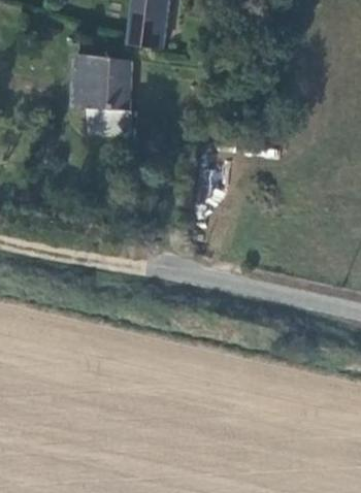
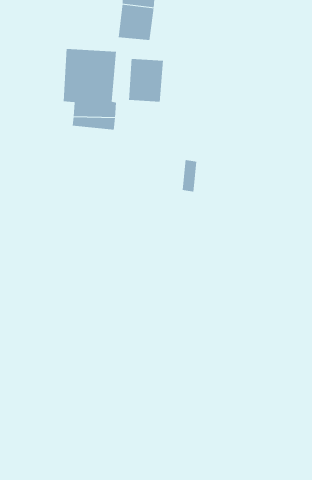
building: none -> [129,58,163,102]

